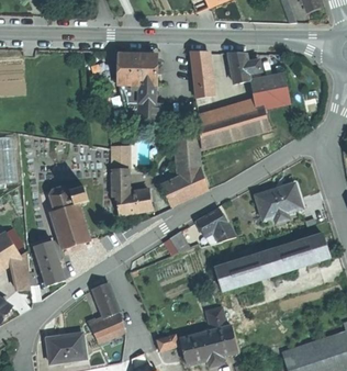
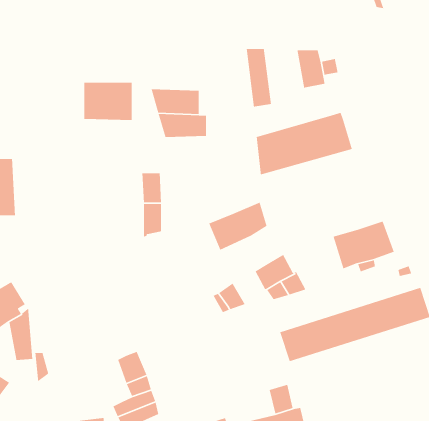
building: [117,55,155,85] -> [83,82,133,121]
building: [250,74,290,108] -> none
building: [176,133,201,178] -> none
building: [49,186,90,250] -> none
building: [115,189,152,215] -> none
building: [34,239,65,285] -> none

